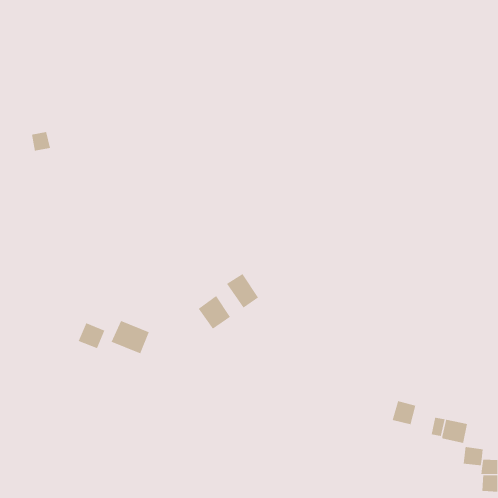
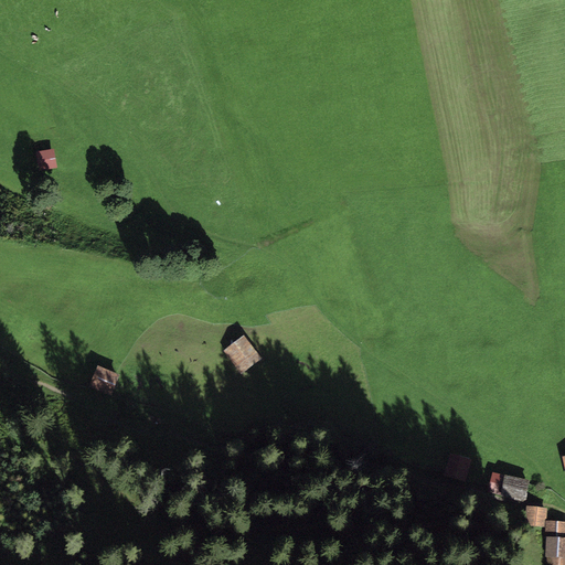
building: [226,273,259,308] -> none
building: [111,320,149,354] -> none

